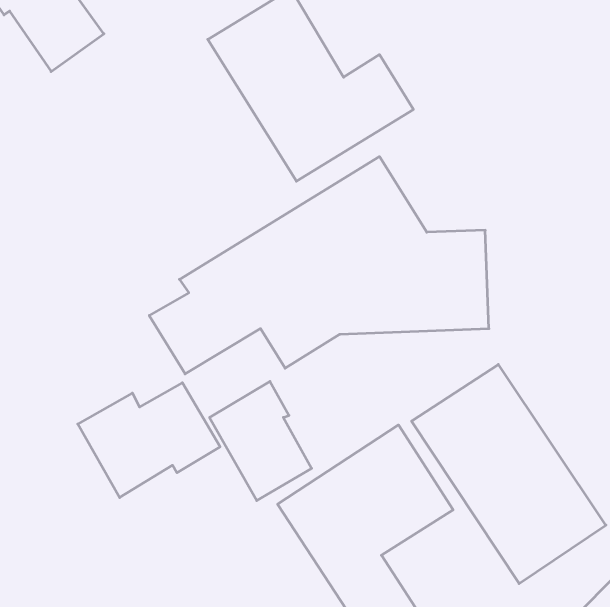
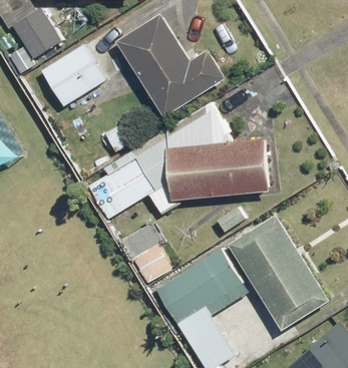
building: none -> [41,43,105,106]
building: [78,383,220,498] -> none

